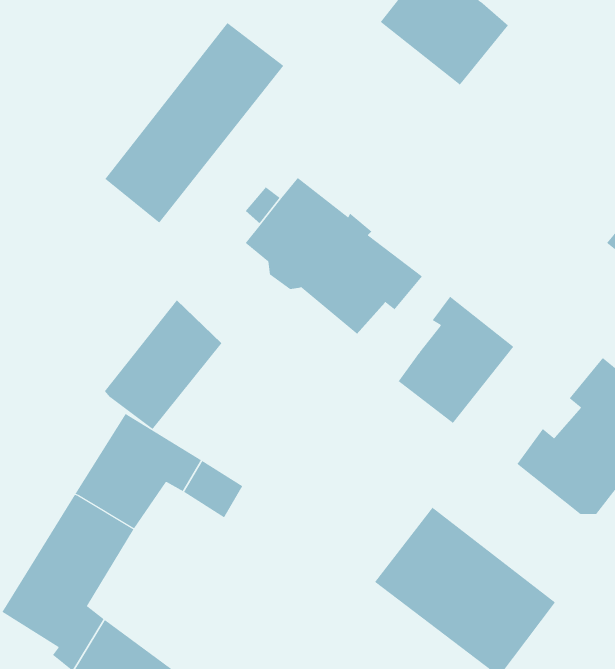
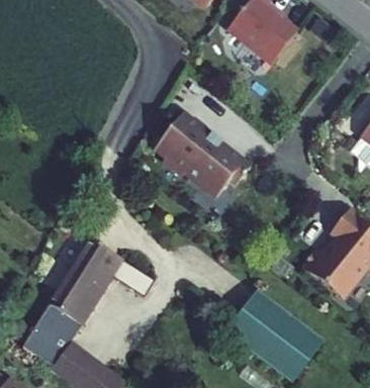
building: [104,22,284,224] -> none
building: [398,296,514,424] -> none
building: [104,299,222,430] -> none

